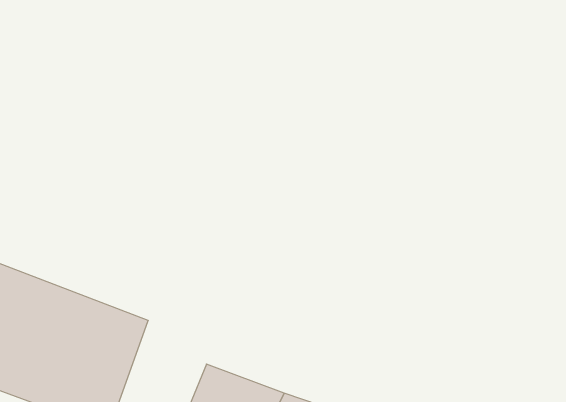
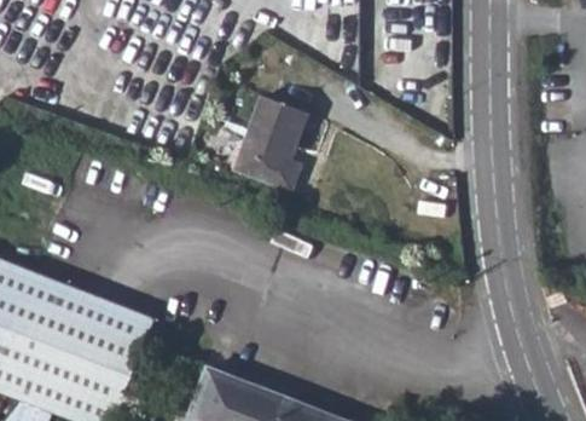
building: none -> [234,102,303,192]

